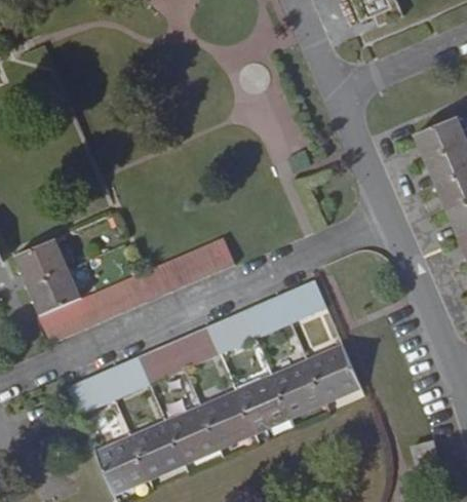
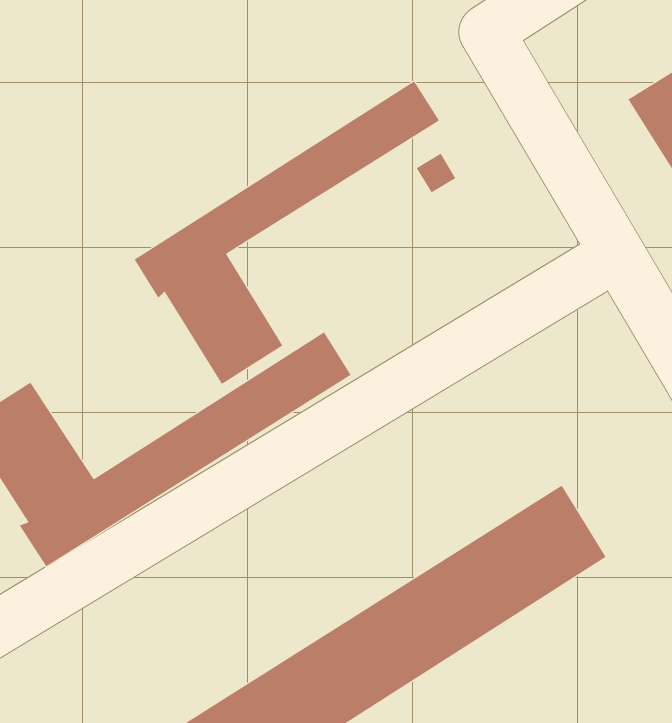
building: none -> [134,81,440,385]
building: [67,279,327,416] -> none

